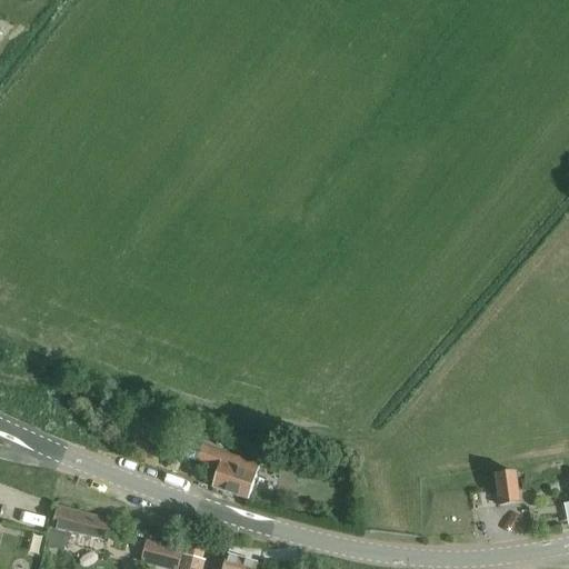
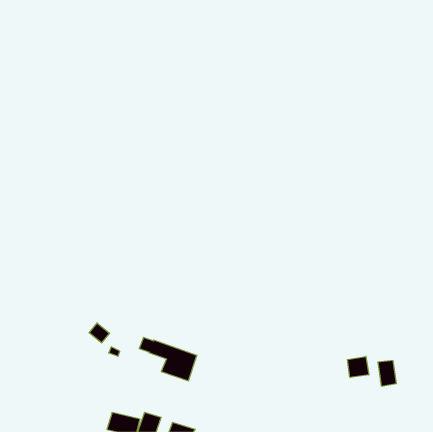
building: none -> [347,356,369,377]
building: [46,505,112,546] -> none

